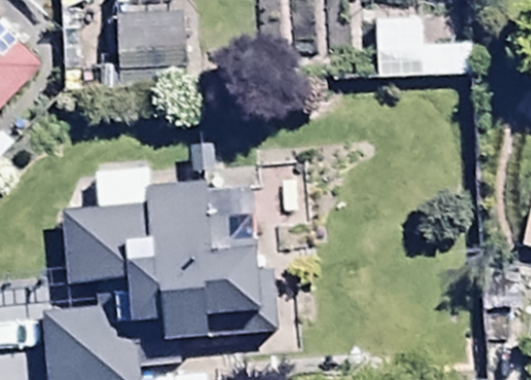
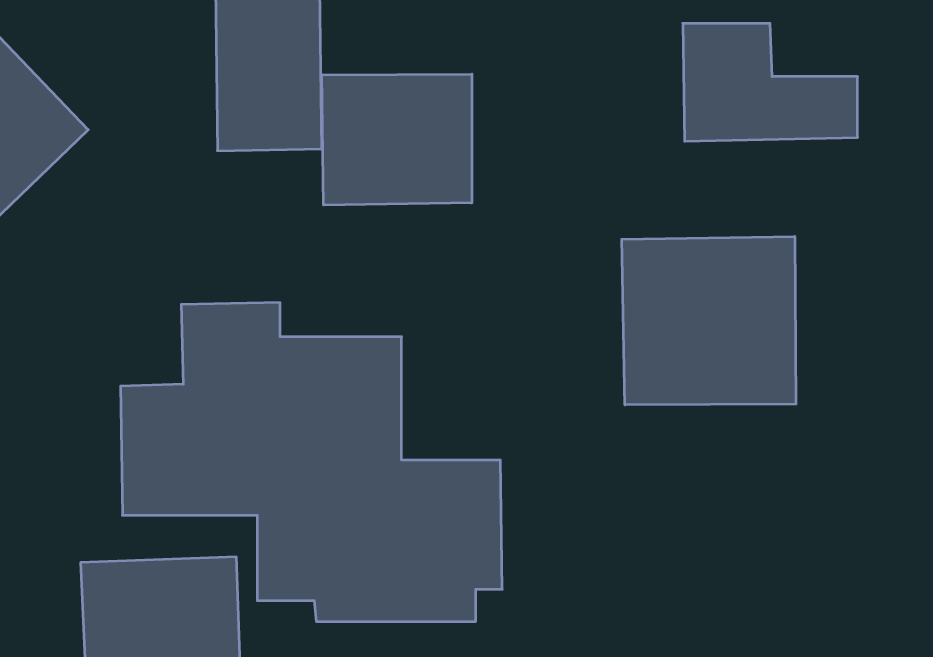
building: none -> [322,74,472,205]
building: none -> [622,236,796,405]

